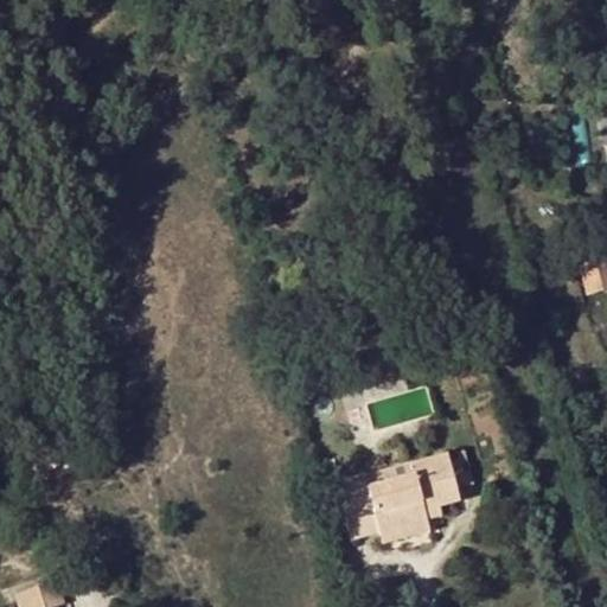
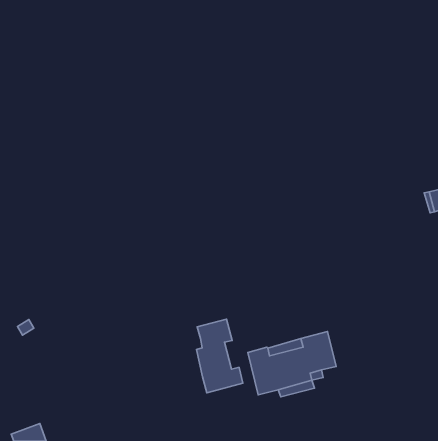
building: none -> [196,319,243,393]

